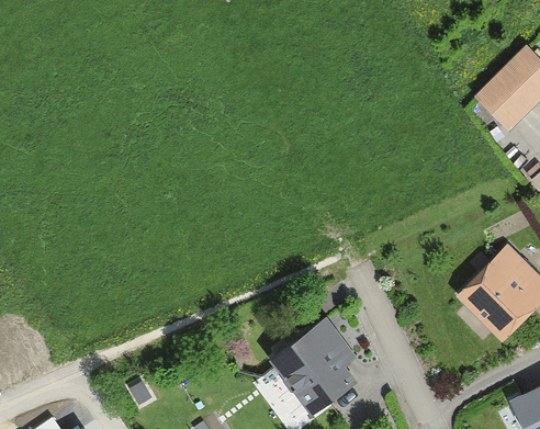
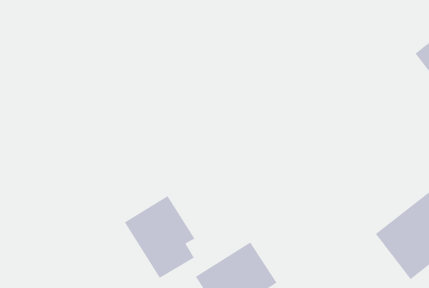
building: none -> [124,195,195,279]

